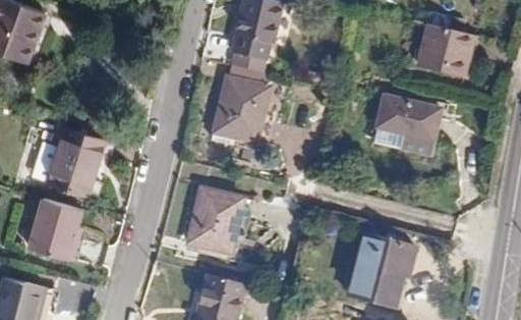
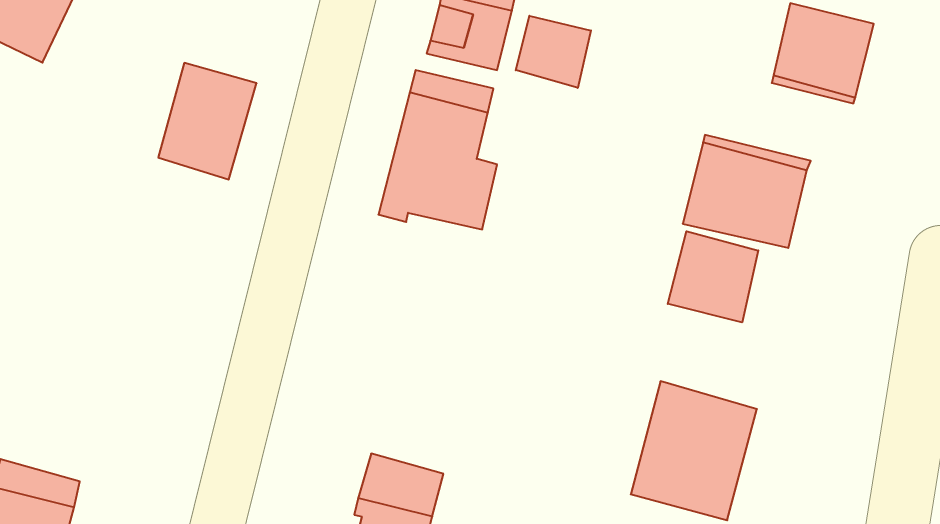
building: none -> [516,16,591,88]
building: [44,124,98,189] -> [158,63,257,180]
building: none -> [668,231,758,322]
building: [180,186,250,260] -> none
building: [28,191,84,252] -> none

